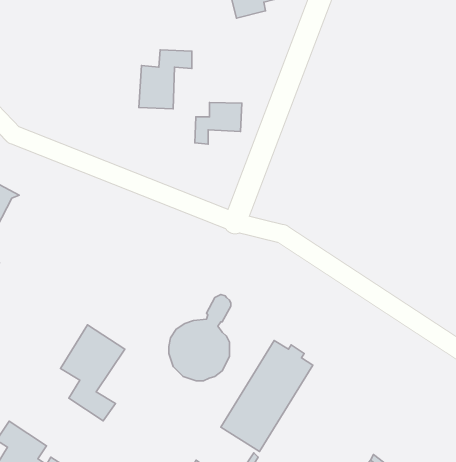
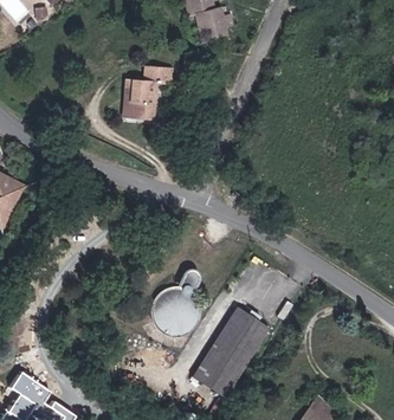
building: [195,102,242,144] -> none
building: [61,325,125,421] -> none

